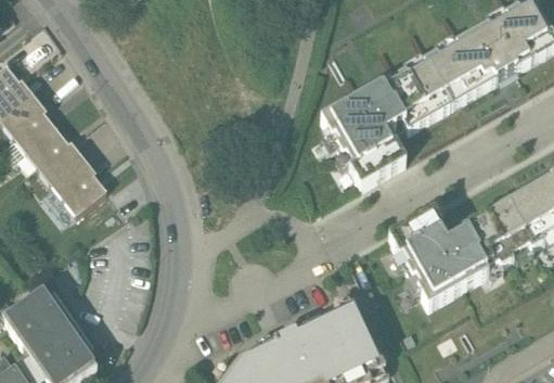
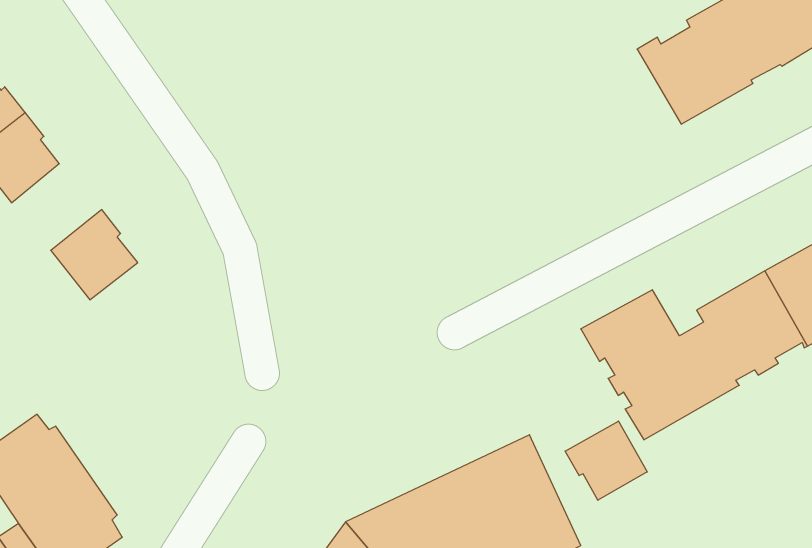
building: [321,55,452,184] -> none
building: [26,128,83,183] -> none
building: none -> [565,421,647,500]

